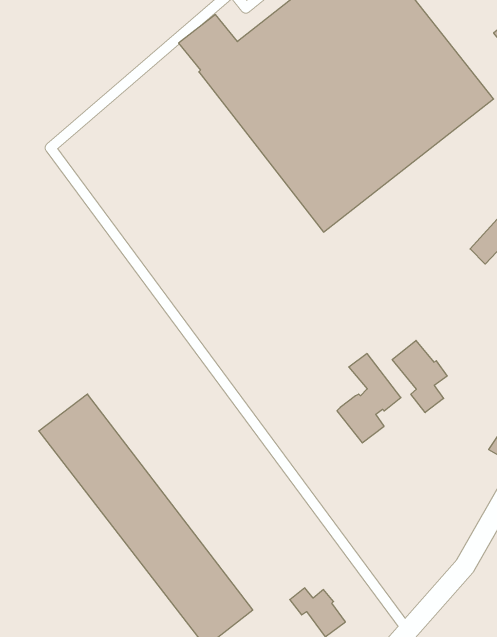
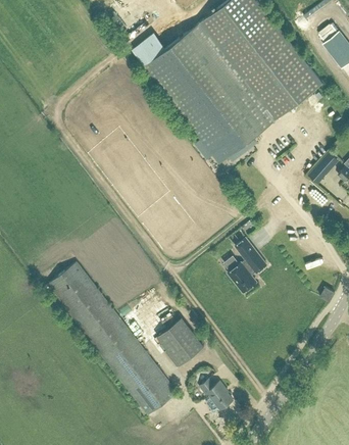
building: [392,340,447,413] -> none
building: none -> [157,318,203,365]

